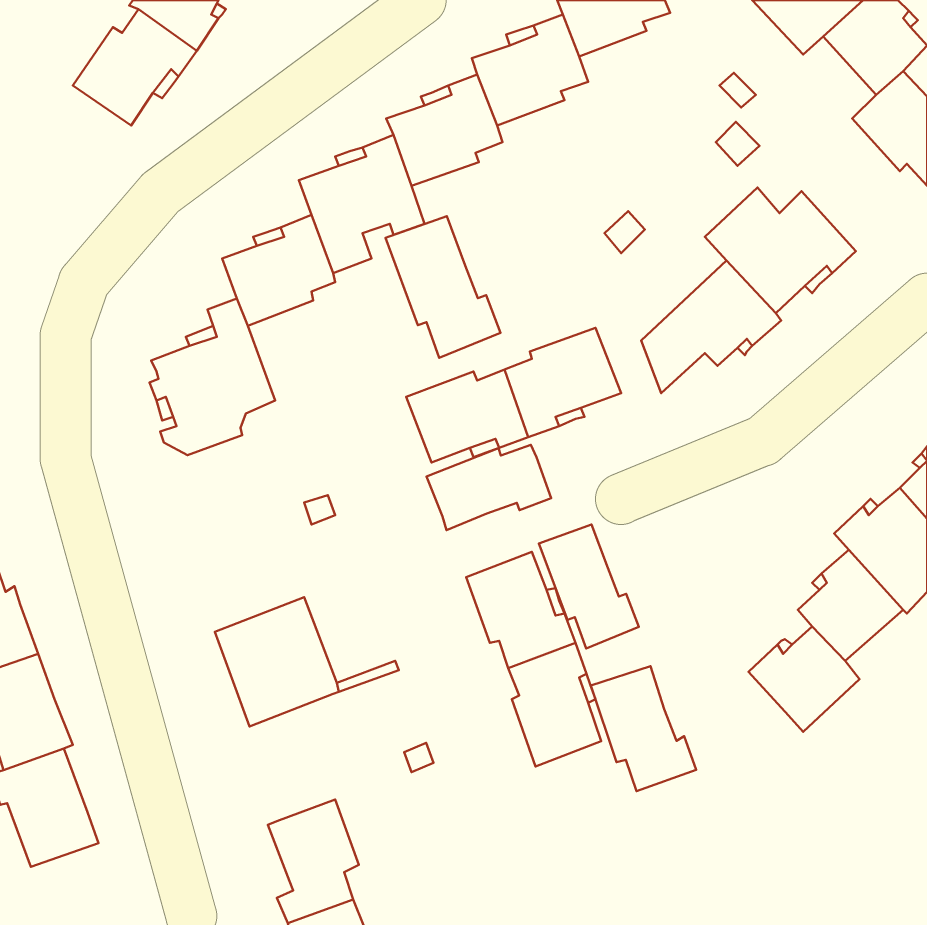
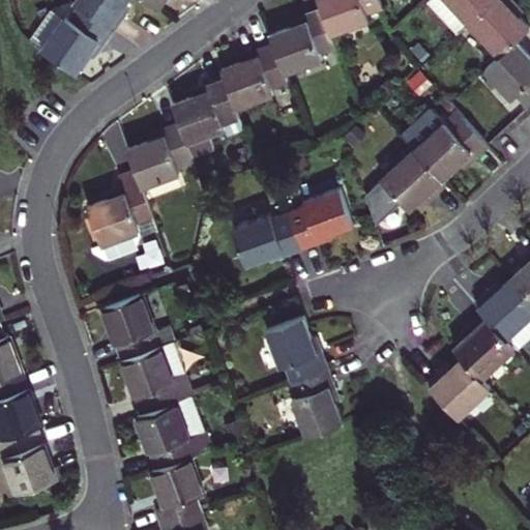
building: [385,216,500,358] -> none
building: [426,445,551,530] -> none
building: none -> [102,295,175,362]
building: [539,525,639,648] -> none
building: [591,666,696,791] -> none
building: none -> [138,398,212,470]

